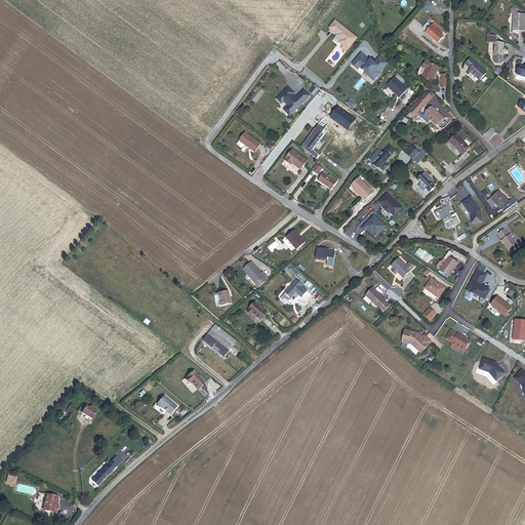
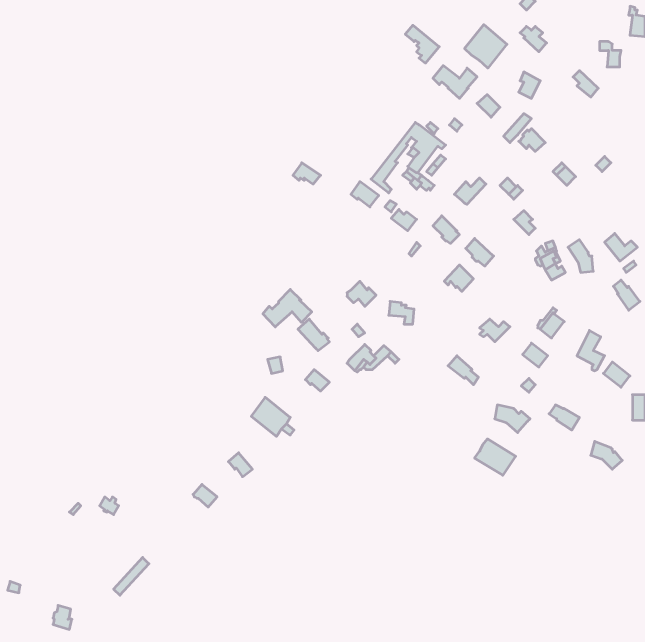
building: none -> [465,25,507,68]
building: [277,86,310,114] -> none
building: none -> [263,289,312,327]
building: none -> [475,439,516,475]

